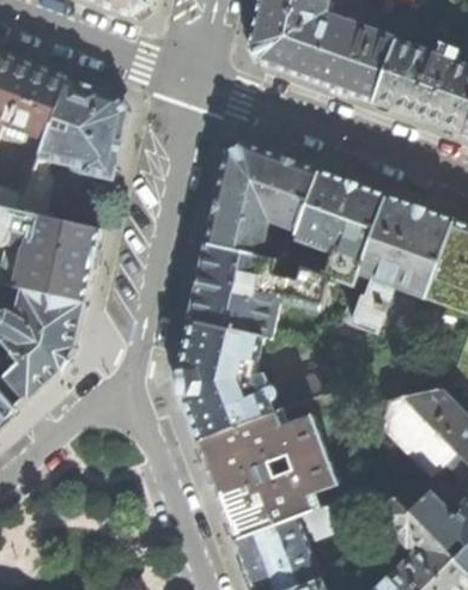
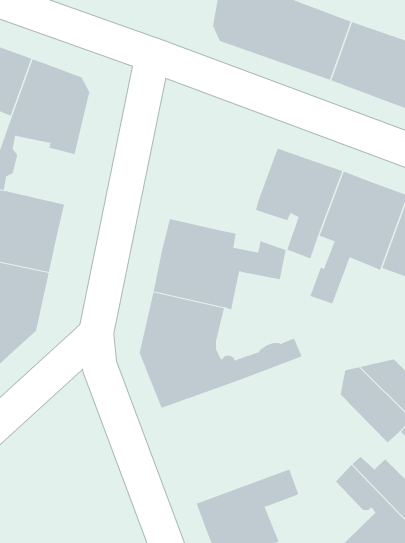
building: [206,144,317,256] -> none
building: [197,410,336,539] -> none

